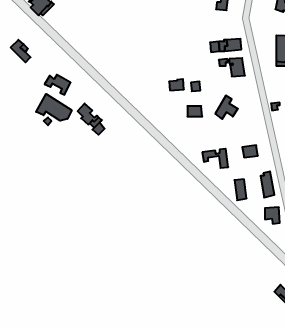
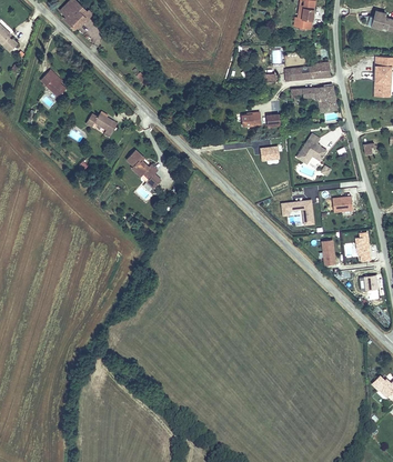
building: [36,94,72,121] -> none

